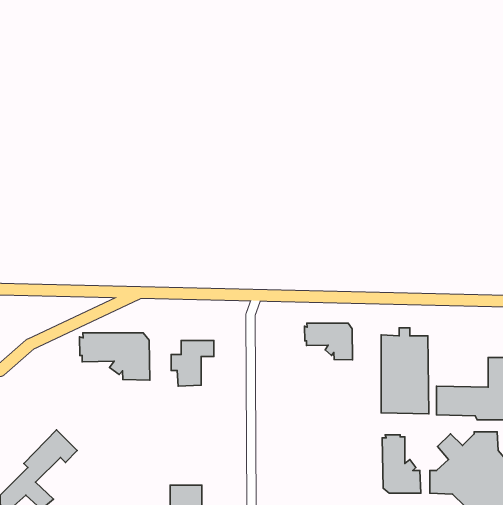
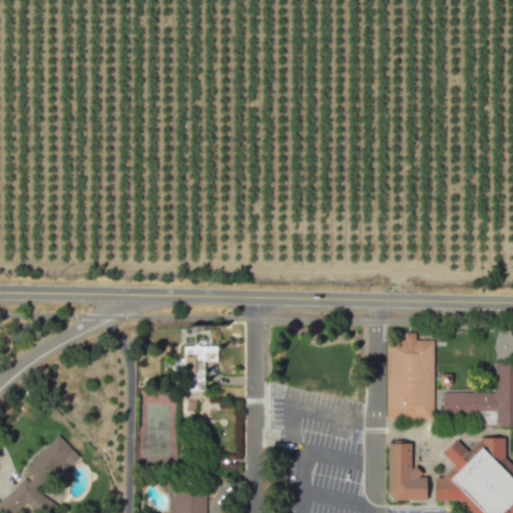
building: [305,323,353,360] -> none
building: [79,333,150,380] -> none

